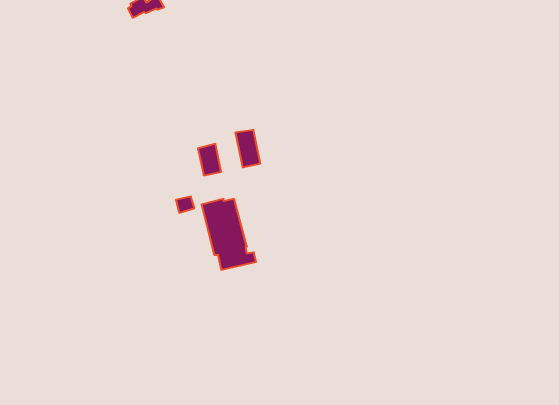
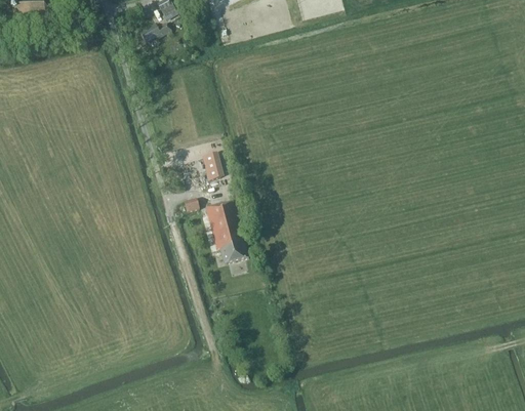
building: [236,130,260,168] -> none

